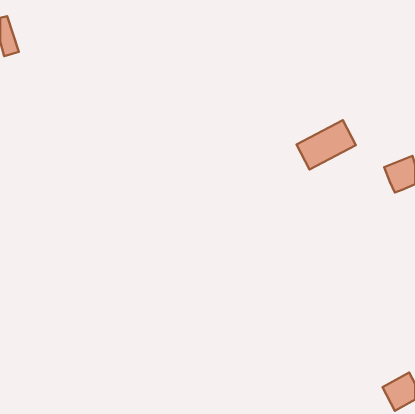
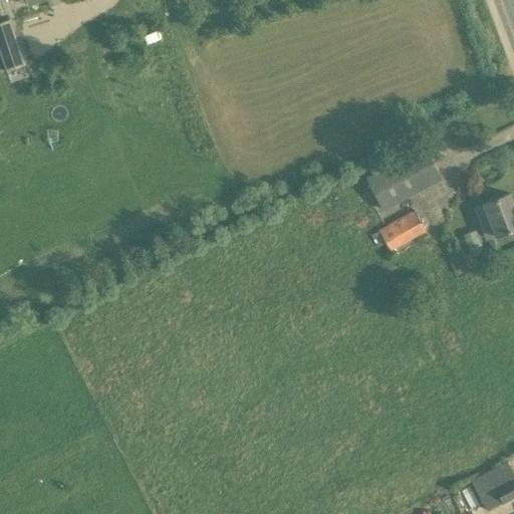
building: none -> [371,213,425,252]

